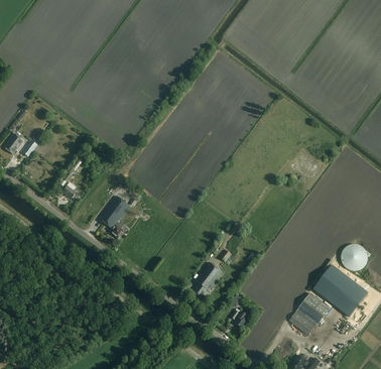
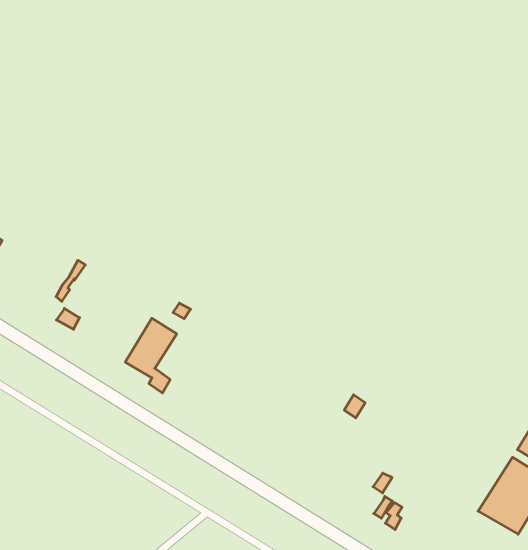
building: [193,262,222,297] -> none

